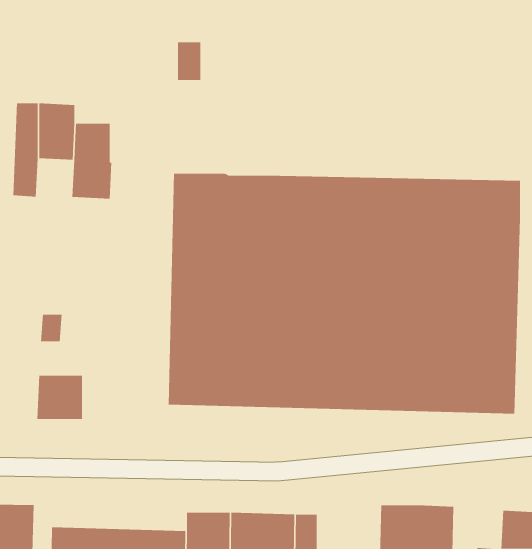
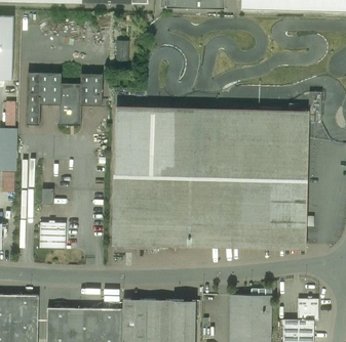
building: none -> [80,74,102,105]

